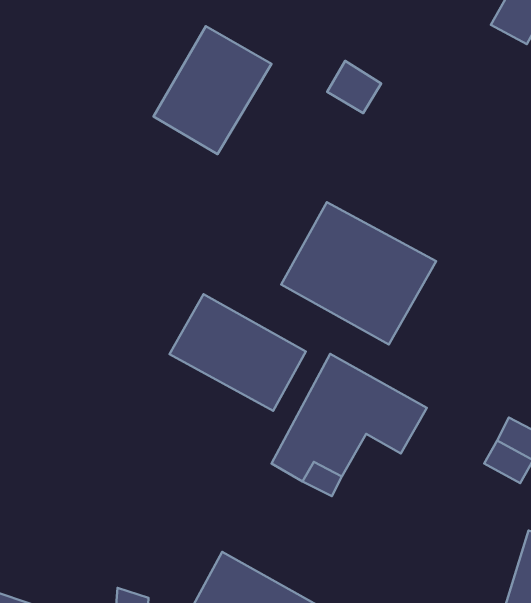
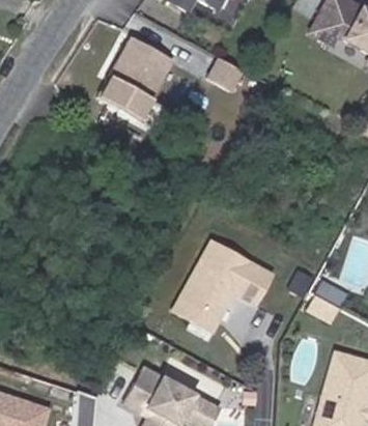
building: [281,202,436,345] -> none
building: [169,294,306,411] -> none

